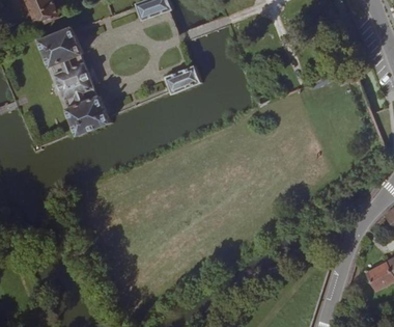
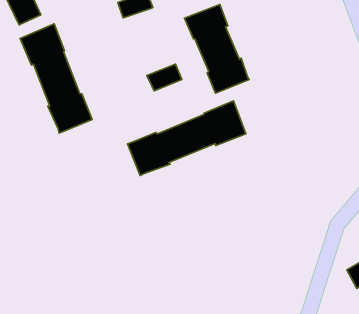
building: none -> [185,5,249,93]
building: none -> [127,101,246,176]

